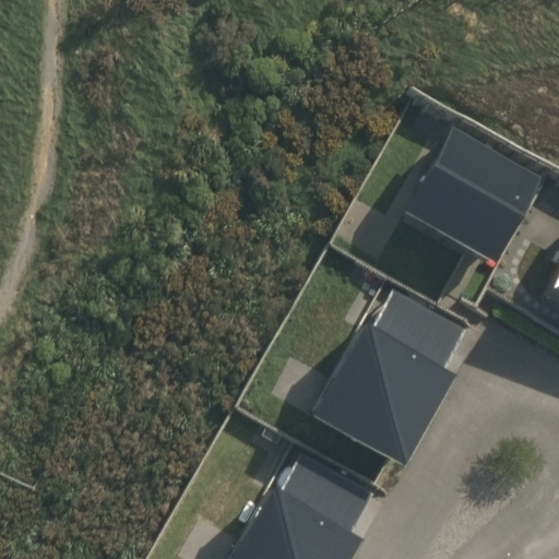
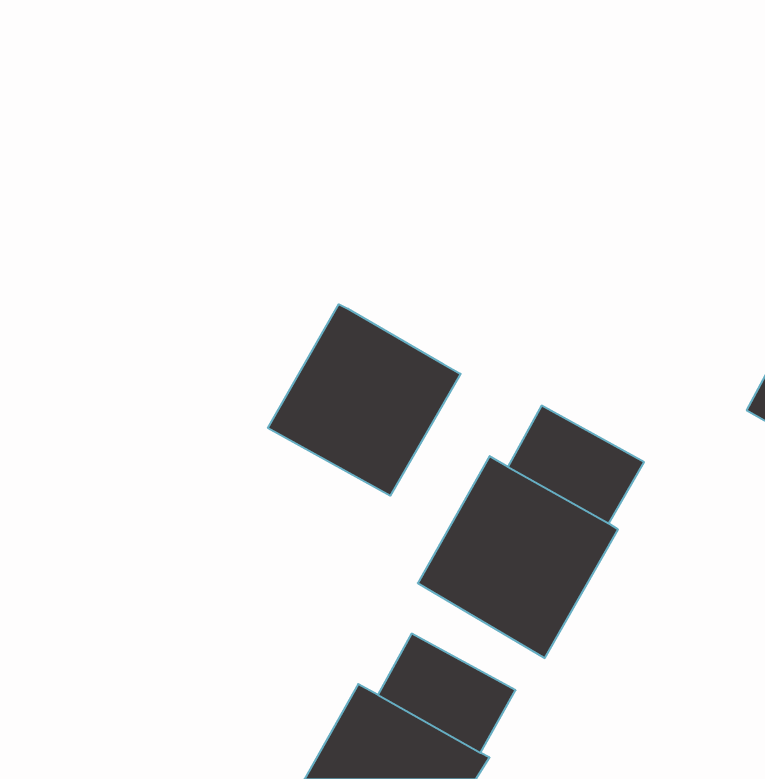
building: [401,127,540,265] -> none
building: none -> [268,304,461,496]

